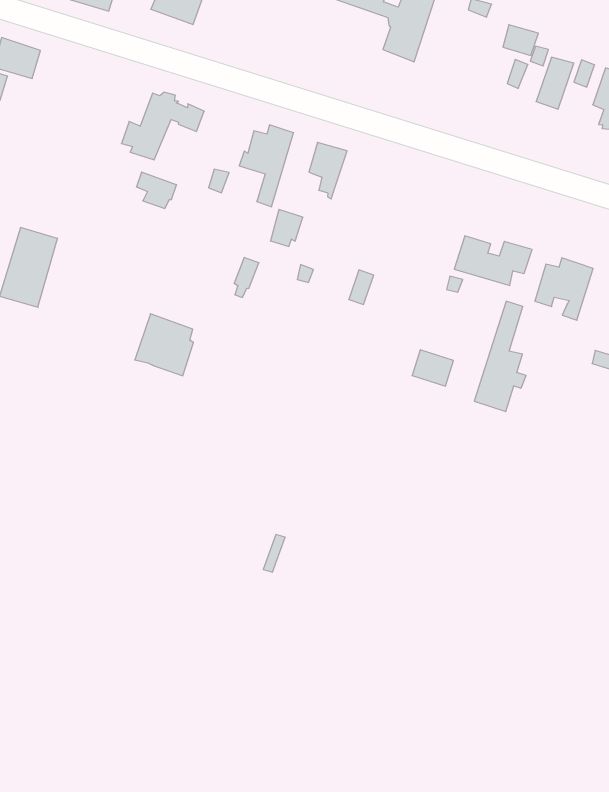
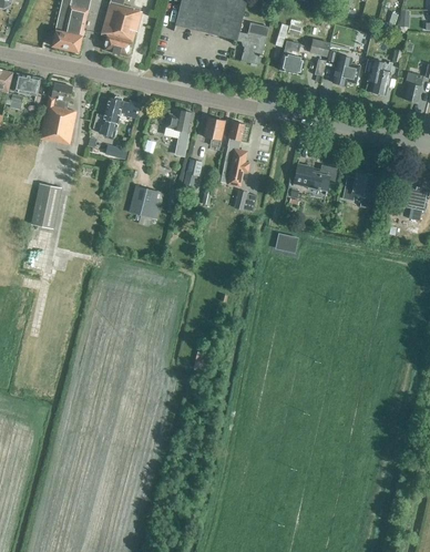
building: none -> [279,41,305,74]
building: none -> [40,83,76,144]
building: [474,301,526,412] -> [221,122,249,186]
building: [135,314,193,376] -> [129,185,162,219]

